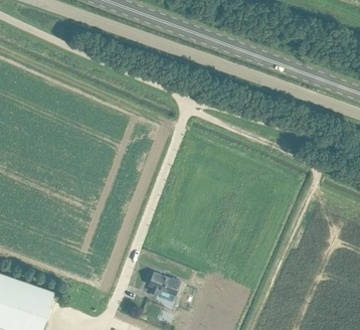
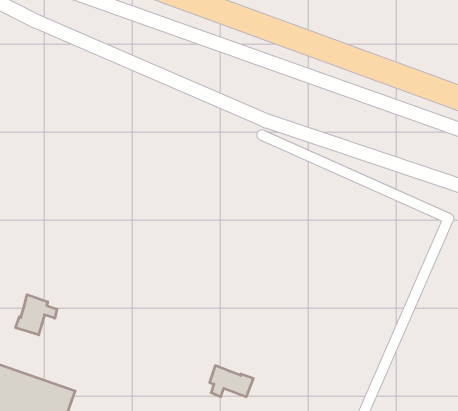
building: none -> [16,295,57,335]

